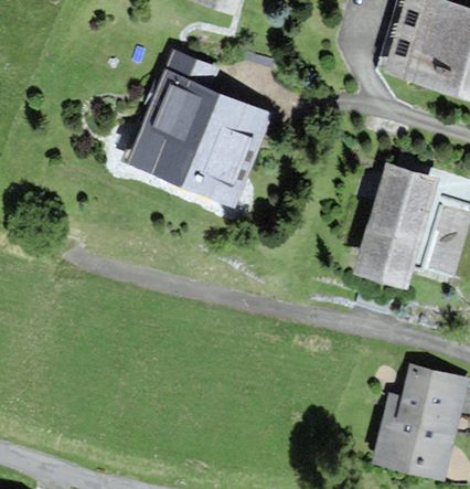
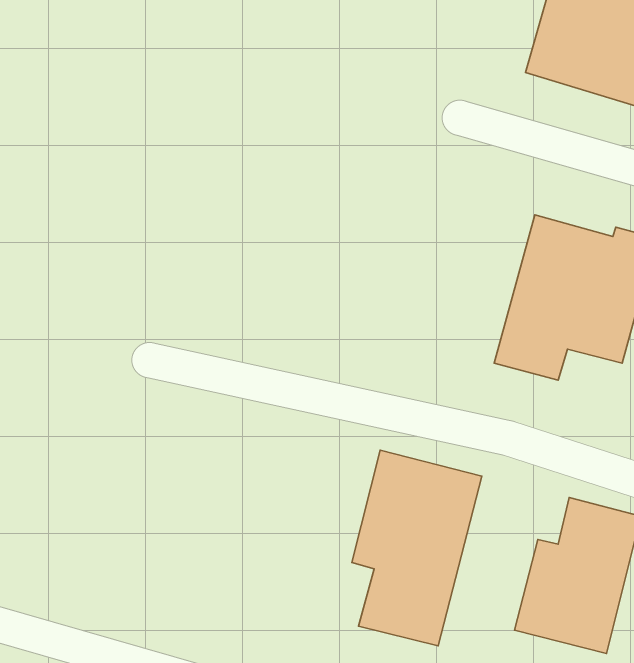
building: [130,53,270,203] -> none
building: none -> [352,450,482,646]

